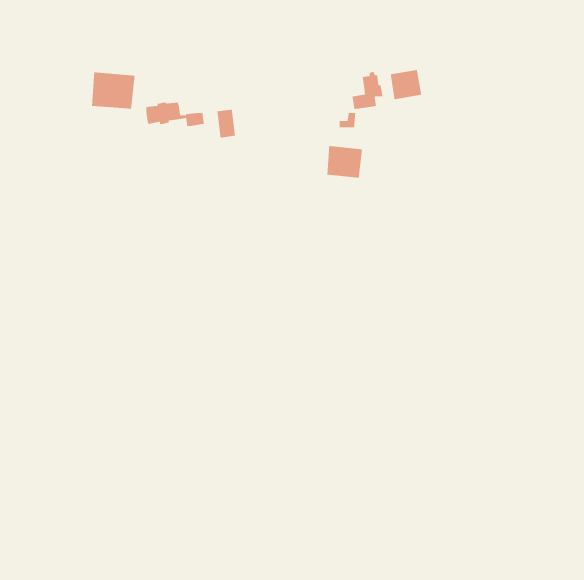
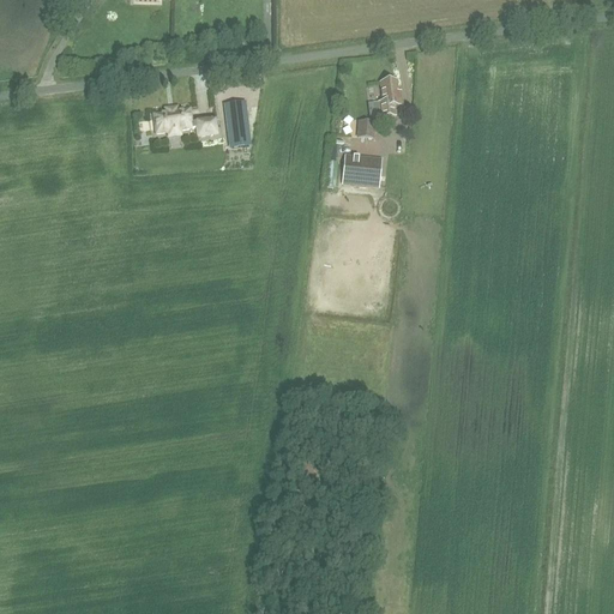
building: [390,69,422,100] -> none
building: [91,72,135,110] -> none

